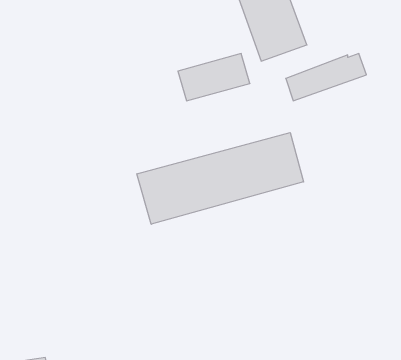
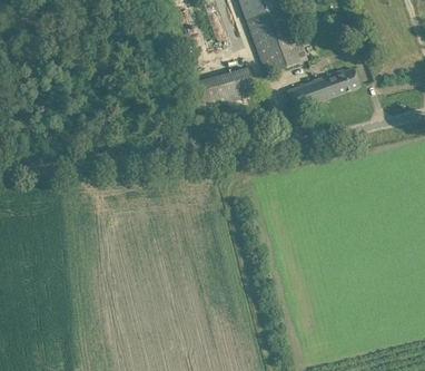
building: [137,133,304,224] -> none

